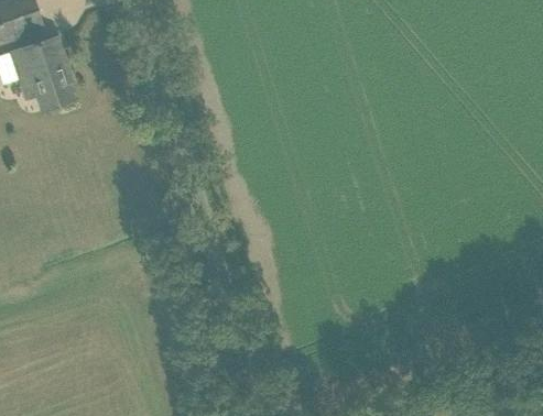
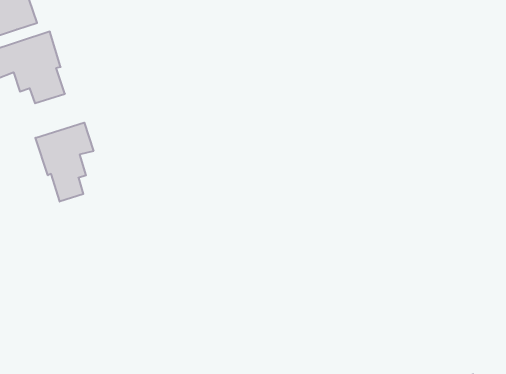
building: none -> [35,123,93,202]

